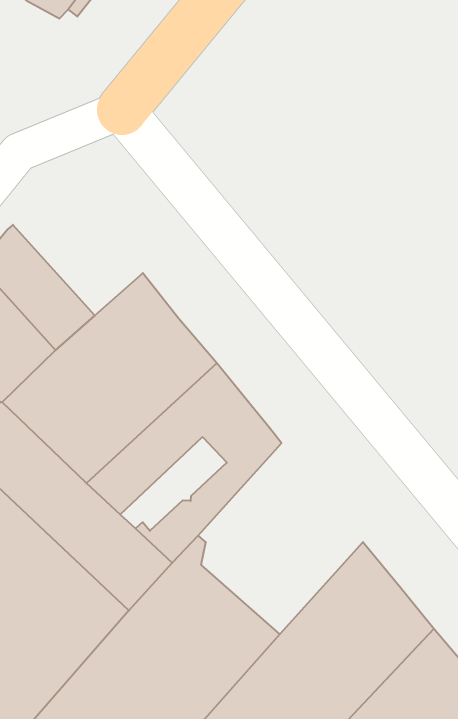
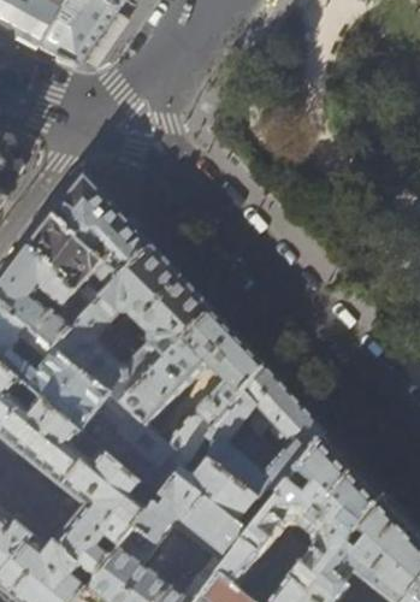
building: none -> [52,176,150,281]
building: none -> [203,367,326,509]

